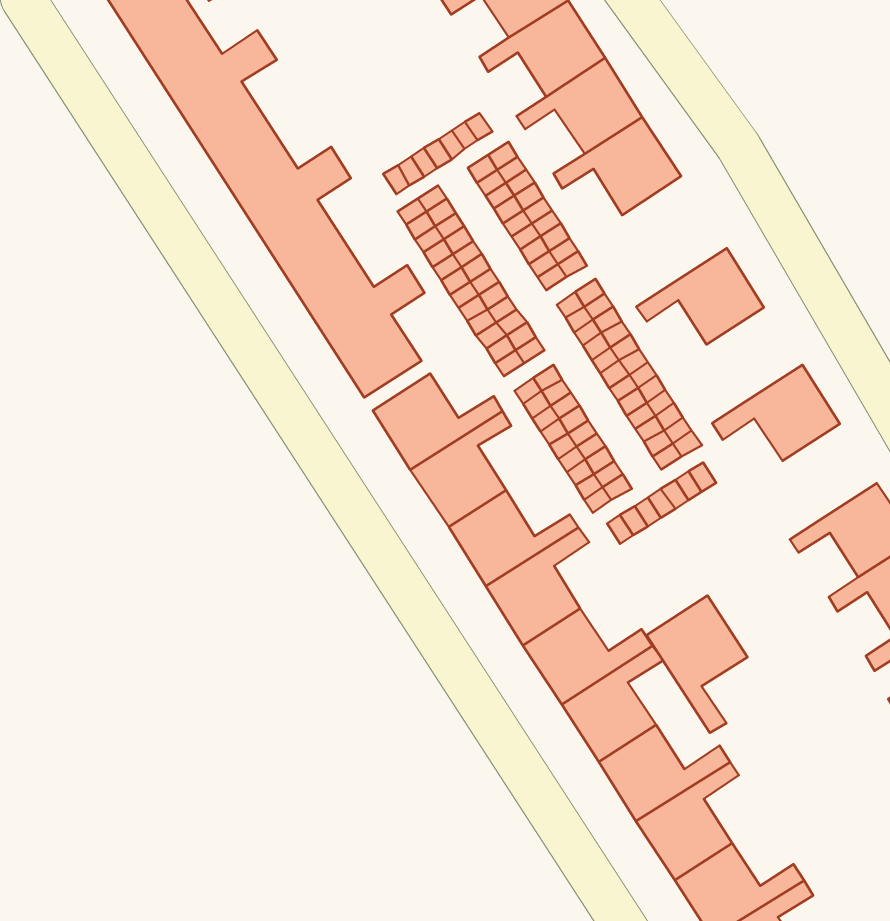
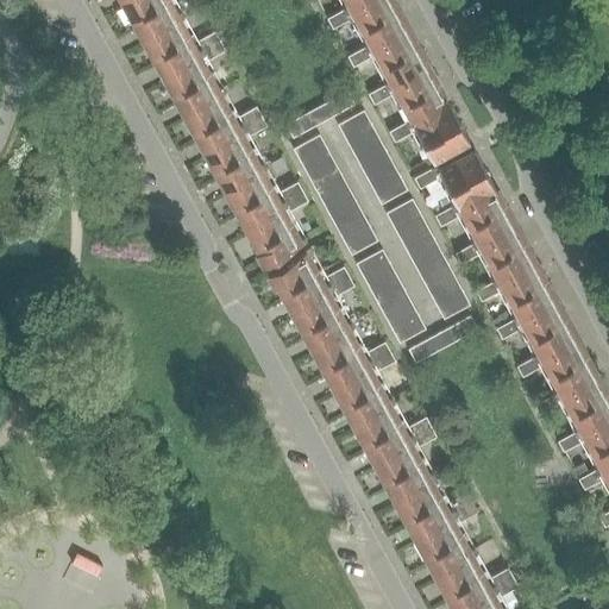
building: none -> [414,149,492,207]
building: none -> [456,225,534,282]
building: none -> [497,300,575,358]
building: [647,596,747,733] -> none

